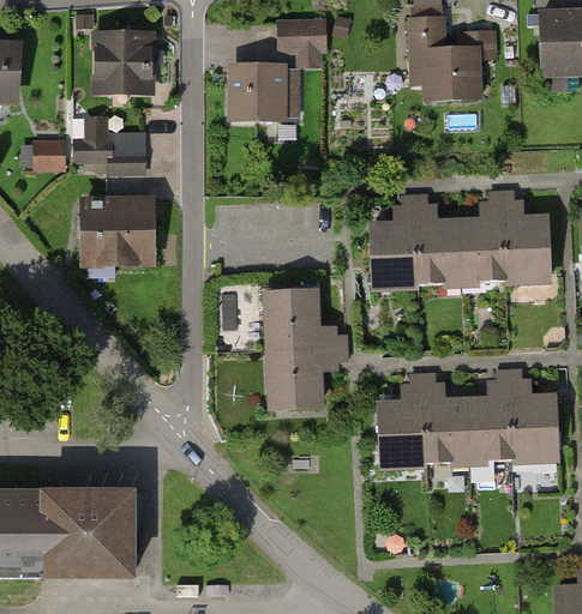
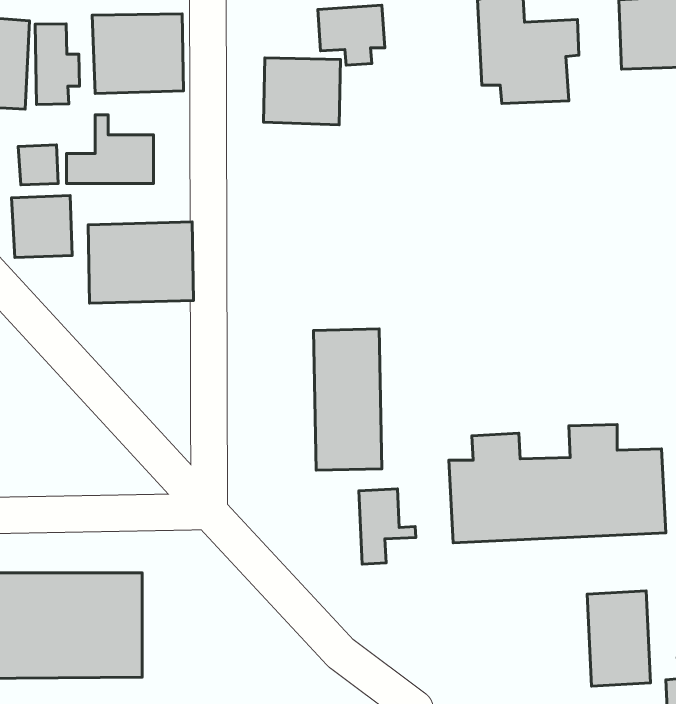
building: none -> [35,24,80,104]
building: none -> [12,196,72,258]
building: [370,193,554,291] -> none
building: none -> [359,489,416,564]
building: none -> [587,591,651,686]

